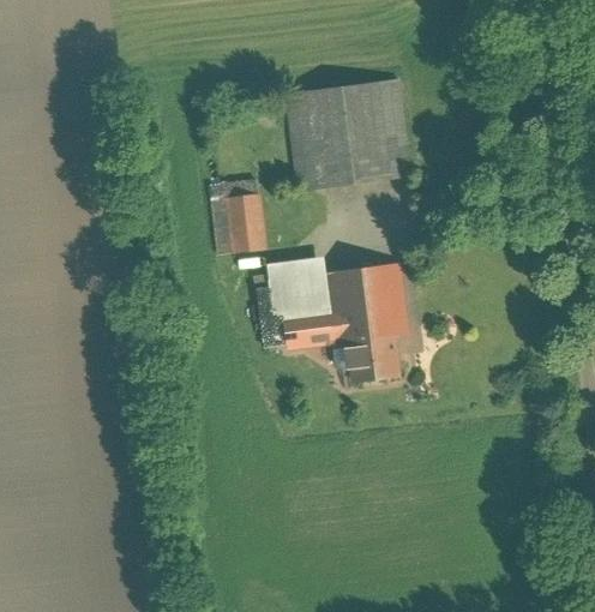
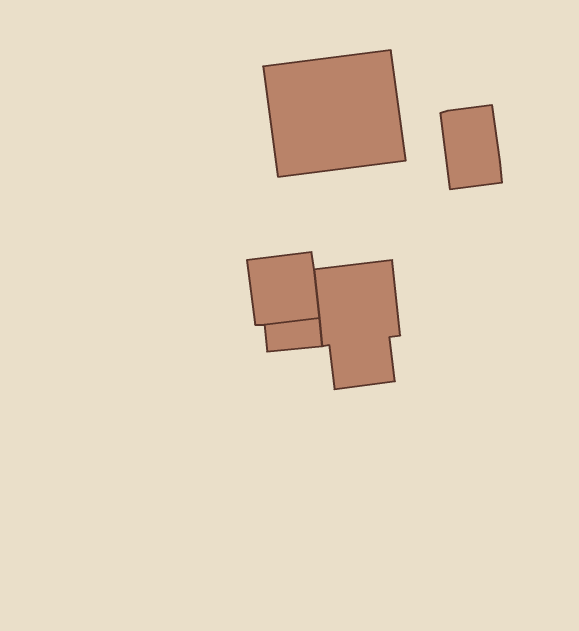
building: none -> [440,105,502,189]
building: [212,192,265,254] -> none

